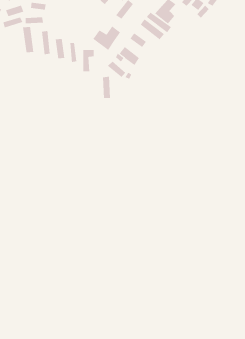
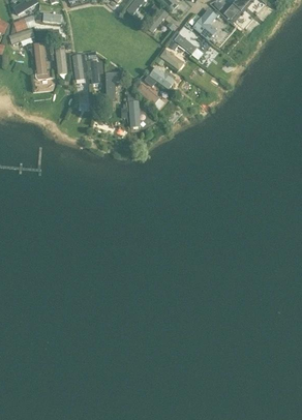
building: [92,25,121,51] -> none

